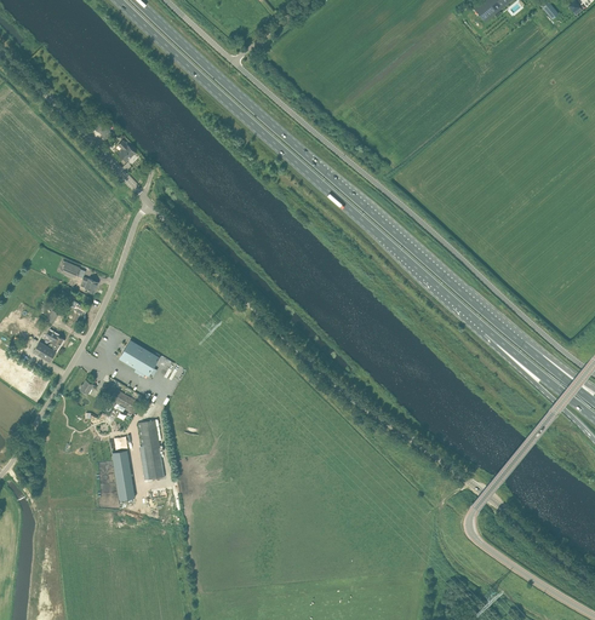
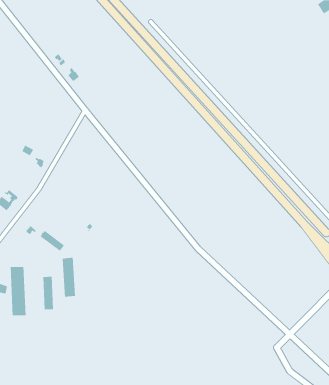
building: [119,340,158,375] -> none
building: none -> [10,266,26,316]

